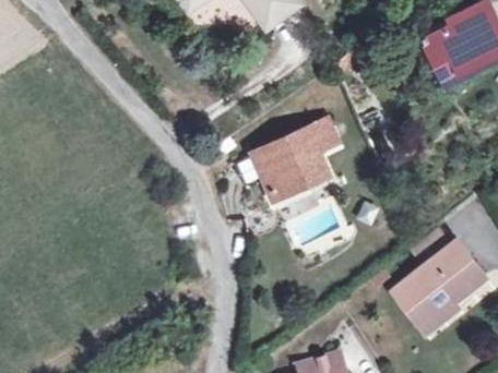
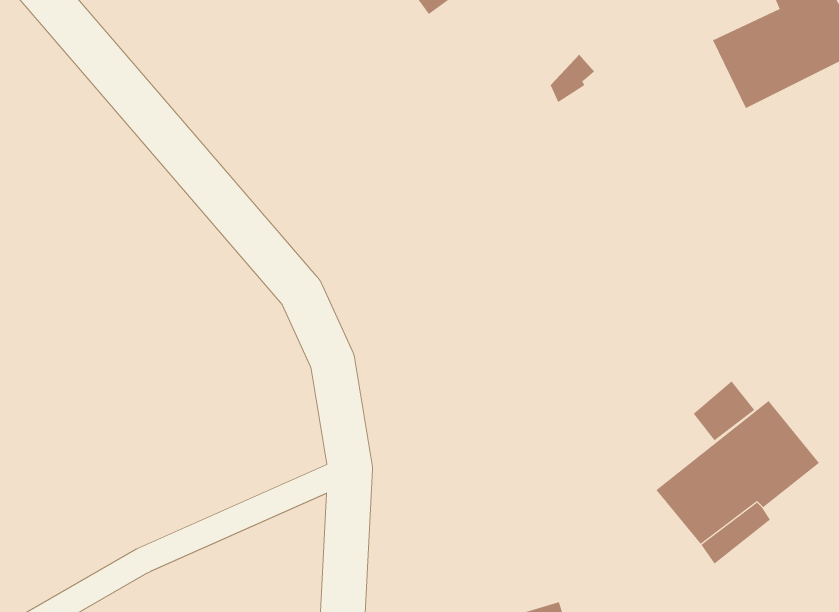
building: [232,119,336,193] -> none

